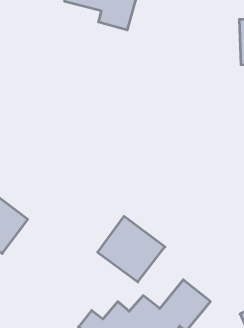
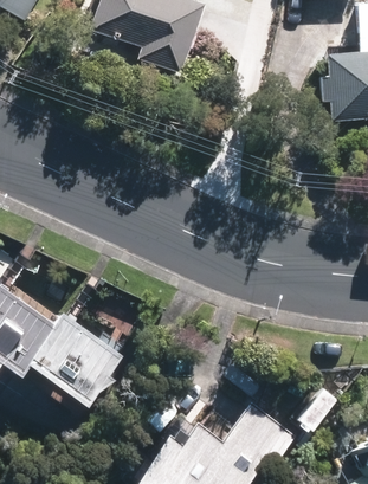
building: [98,216,165,282] -> [27,314,118,402]

